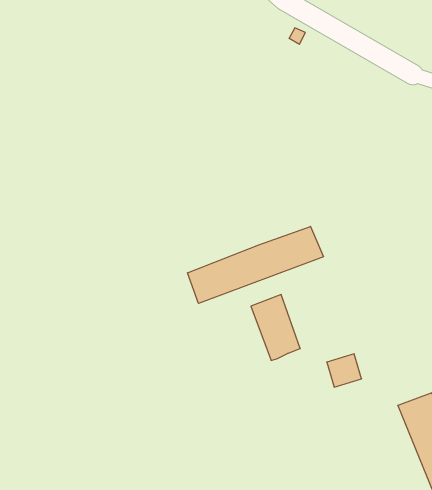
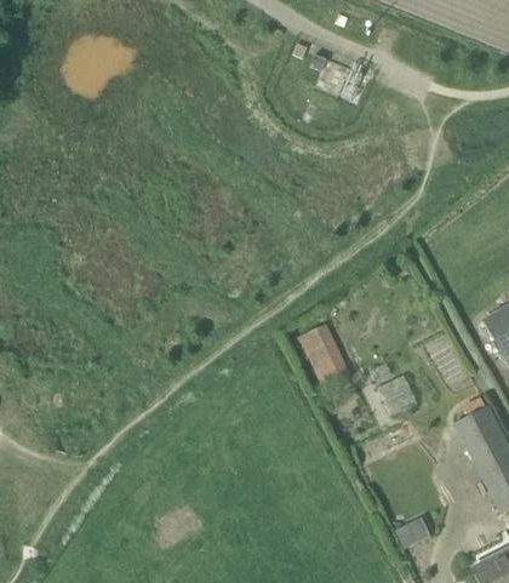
building: [188,226,324,303] -> none

